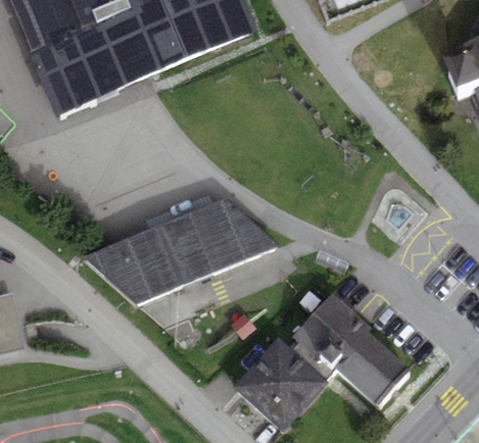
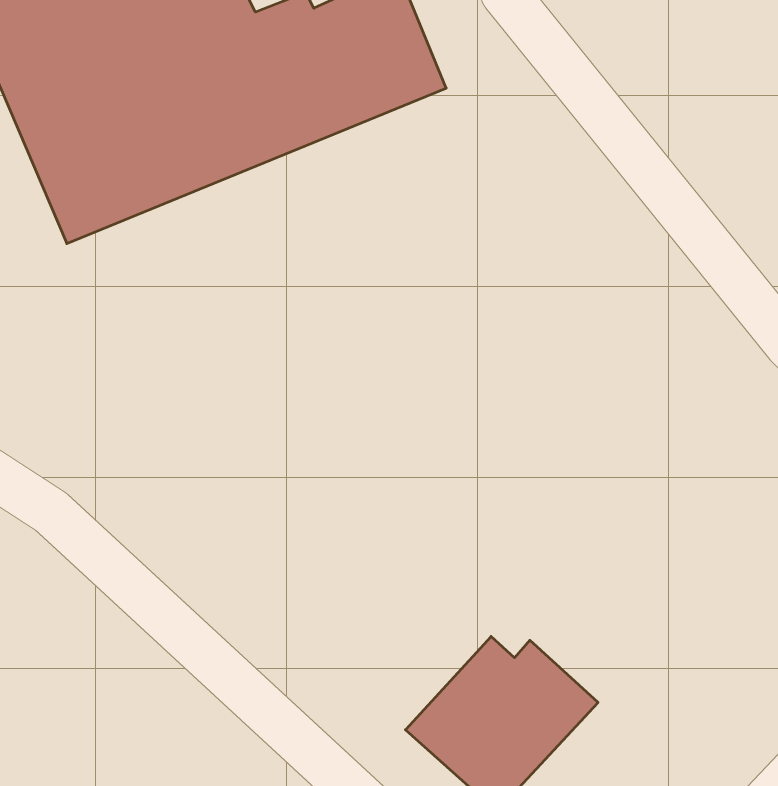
building: [81,196,281,302] -> none
building: [296,292,411,404] -> none

